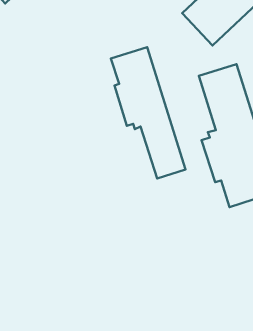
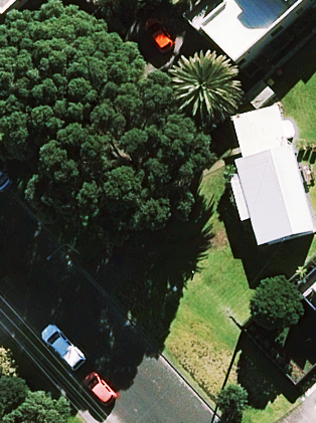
building: [111,47,186,179] -> none

